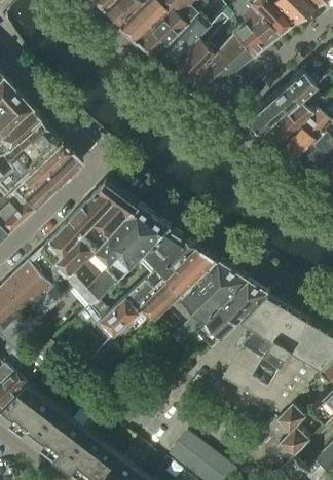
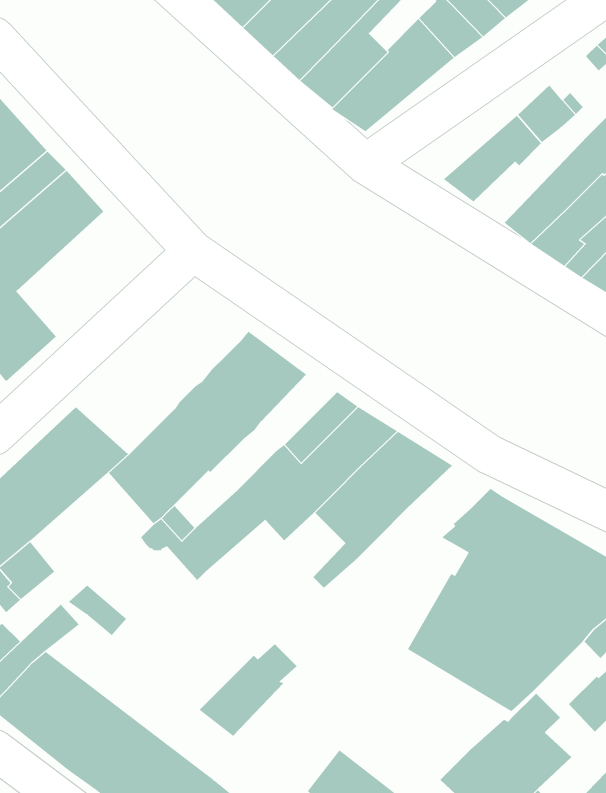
building: [260,96,322,147] -> none
building: [12,141,82,209] -> none
building: [44,182,138,272] -> none
building: [142,229,186,270] -> none
building: [196,279,269,346] -> none

